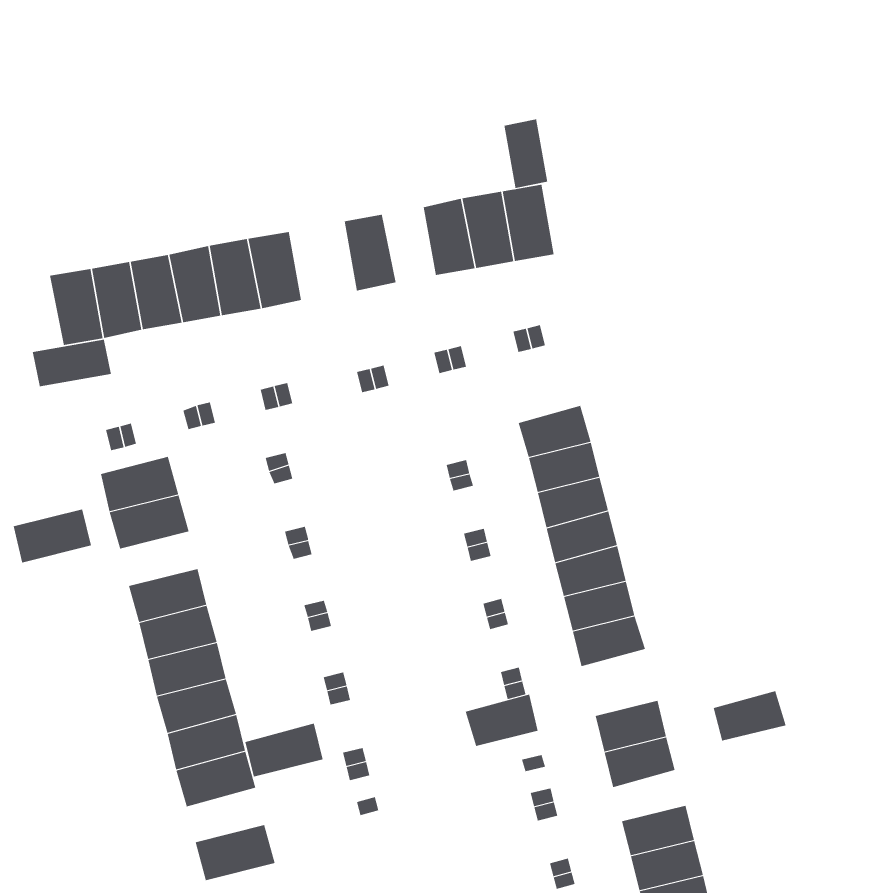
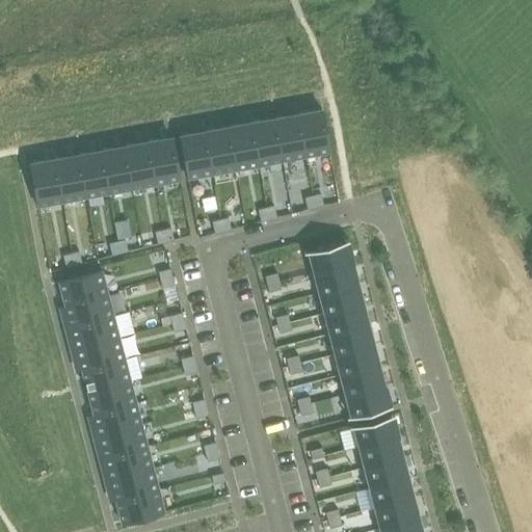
building: [504,118,548,189] -> none
building: none -> [228,125,259,169]
building: none -> [181,133,212,179]
building: [32,339,112,387] -> none
building: [13,509,92,563] -> [72,317,118,349]
building: [713,690,787,741] -> [364,458,407,488]
building: [465,694,539,747] -> [345,387,389,418]
building: [244,723,323,777] -> [111,469,158,501]

